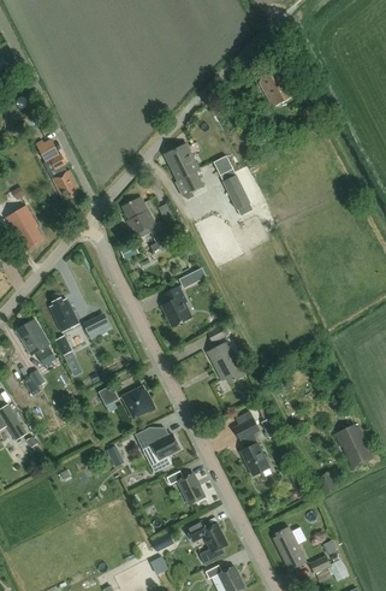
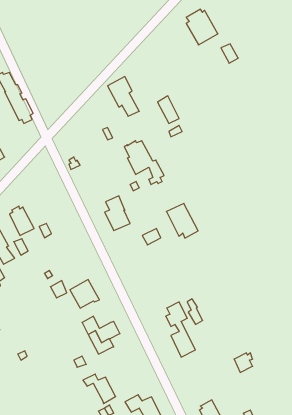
building: [123,200,170,252] -> [124,141,164,185]
building: [208,342,245,383] -> [166,203,198,238]
building: [335,425,373,466] -> none
building: [166,469,204,504] -> [83,374,116,404]

